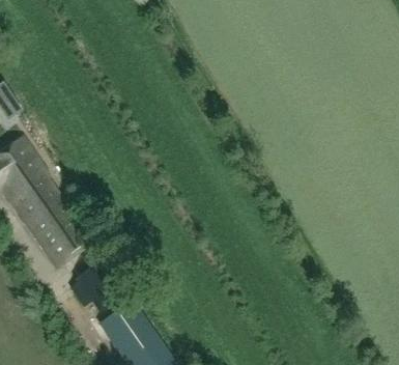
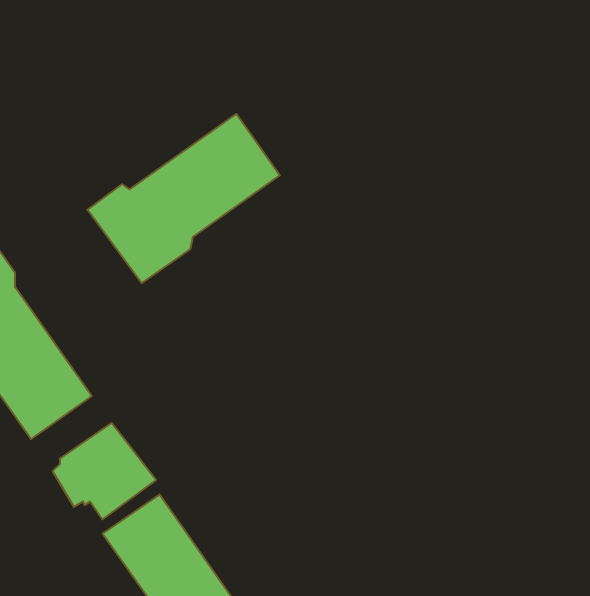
building: none -> [87,114,280,283]

